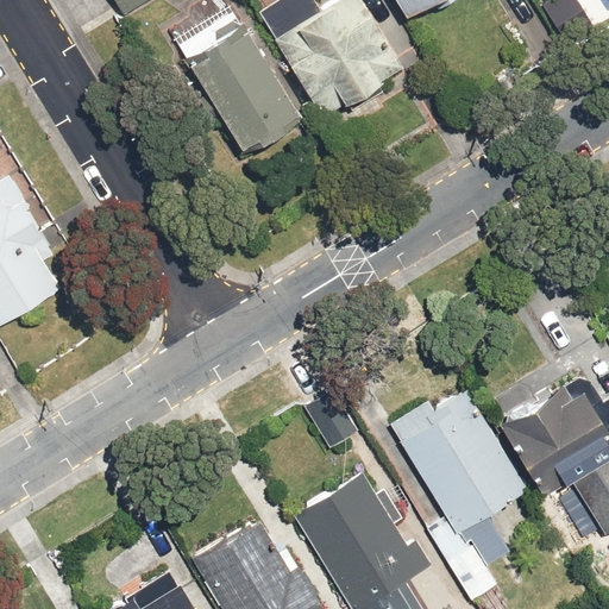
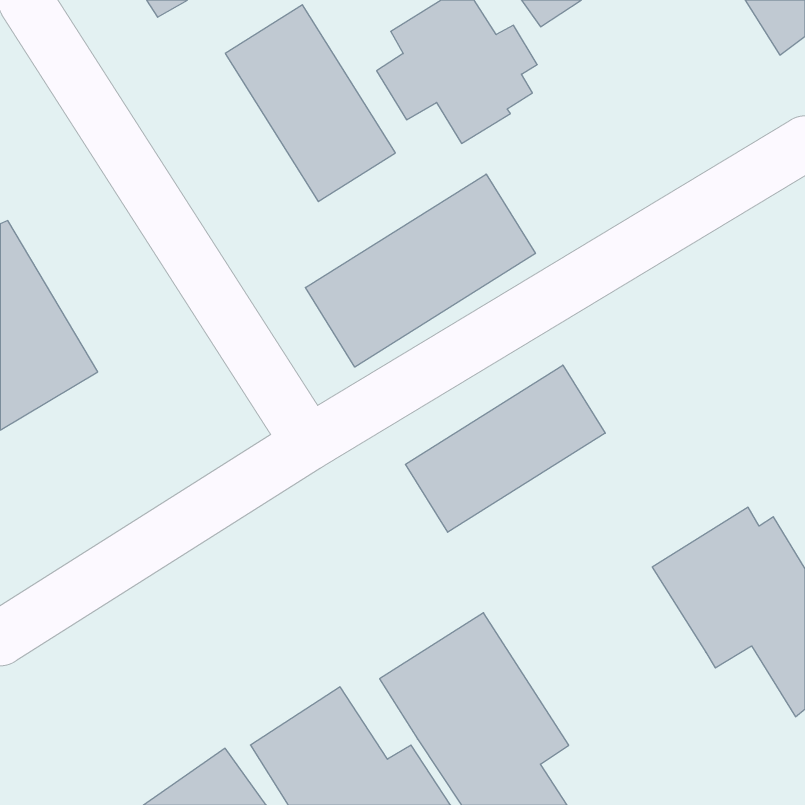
building: none -> [305,174,535,367]
building: none -> [405,365,605,532]
building: [388,393,533,566] -> none

